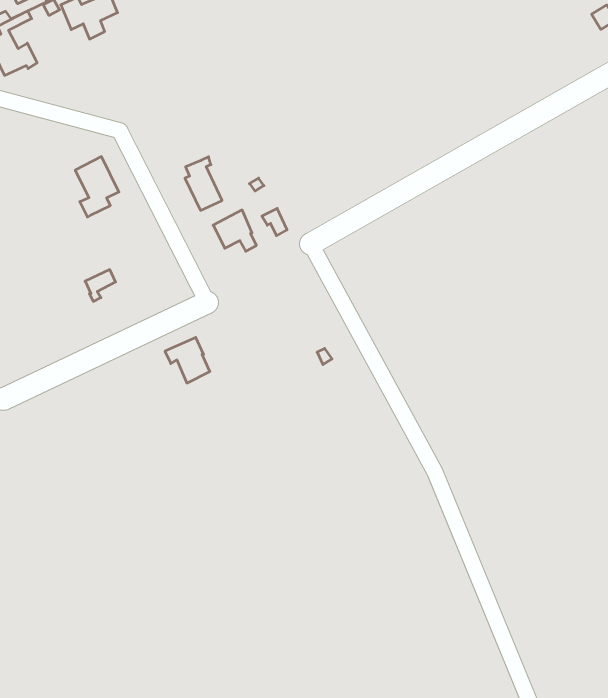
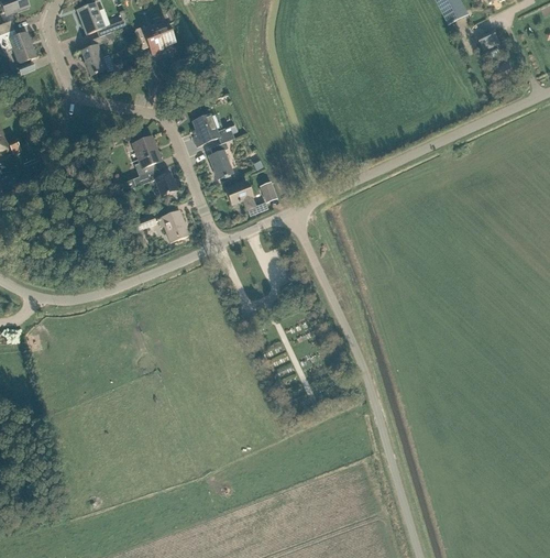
building: none -> [193,114,233,144]
building: none -> [132,168,178,195]
building: [165,337,210,383] -> [156,210,186,241]

